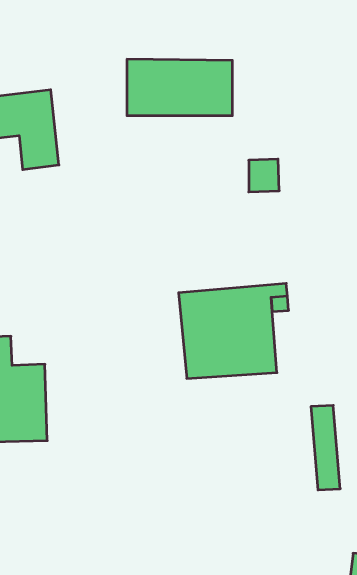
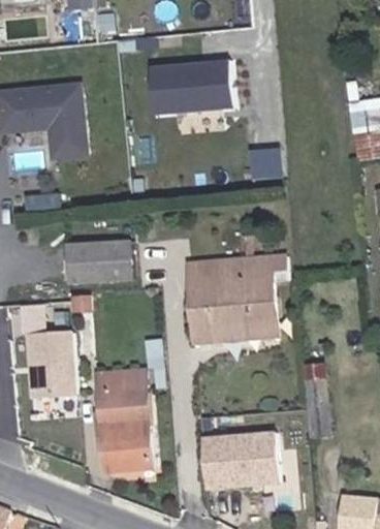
building: none -> [64,240,130,284]
building: none -> [96,370,151,473]
building: none -> [194,427,282,491]

